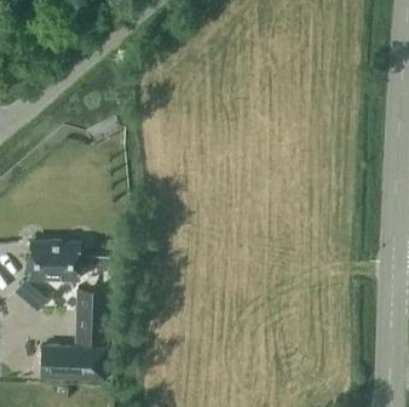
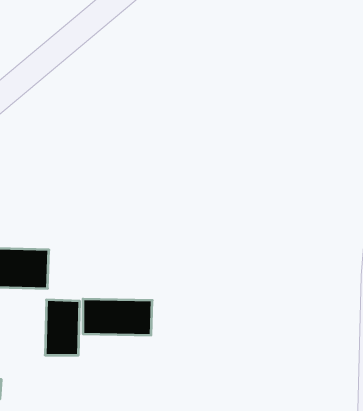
building: [40,345,105,379] -> [83,299,152,335]

